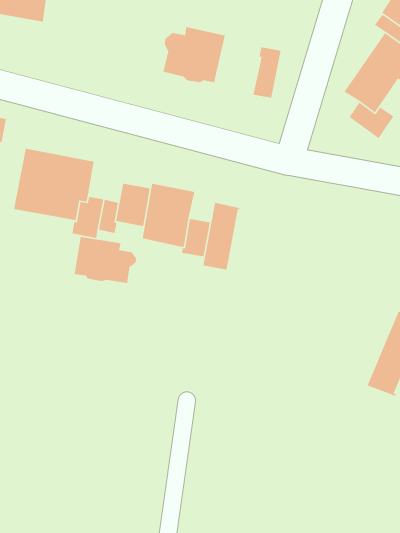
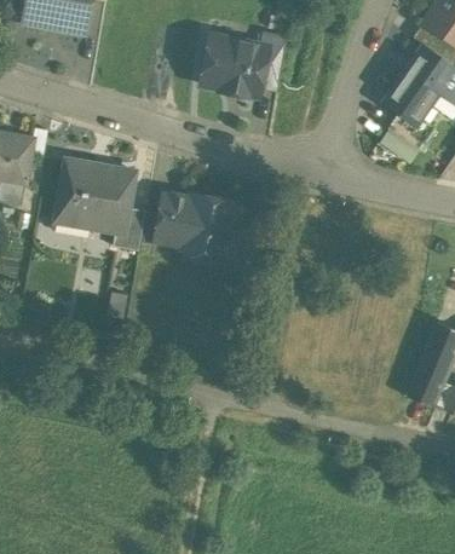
building: [252,46,282,99] -> [257,35,286,87]
building: [203,202,241,271] -> none
building: [74,236,137,284] -> none

